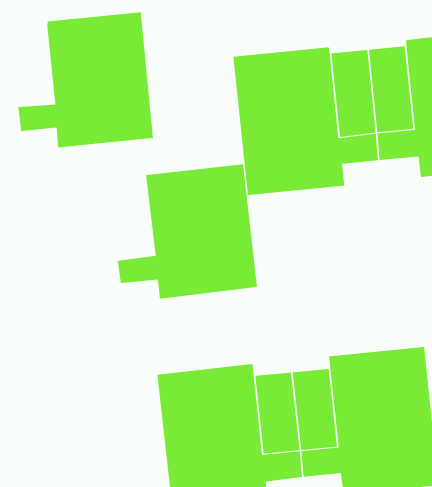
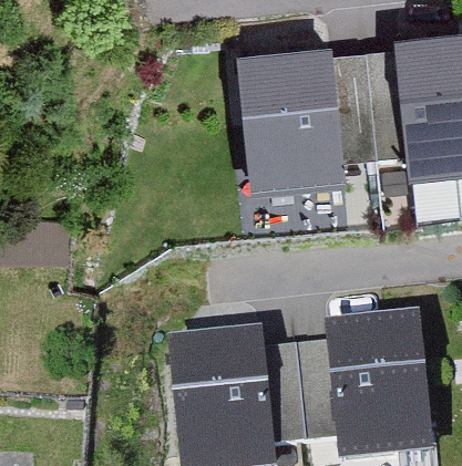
building: [18,12,153,148] -> none
building: [117,163,257,300] -> none

